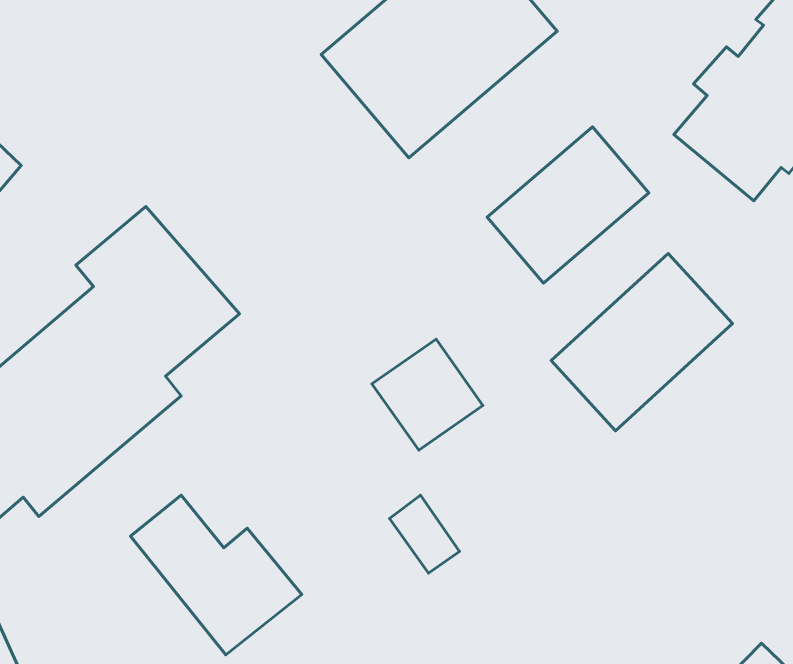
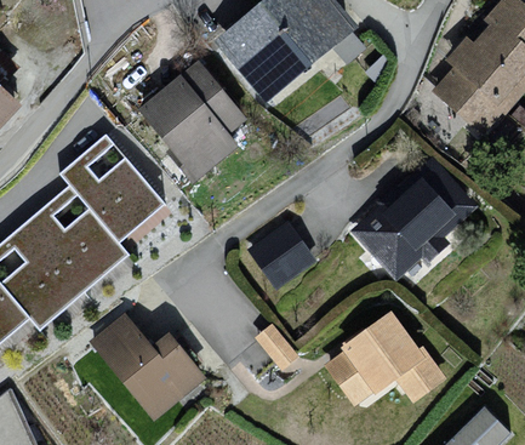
building: none -> [135,56,247,183]
building: [487,127,649,283] -> none
building: none -> [326,313,444,405]

